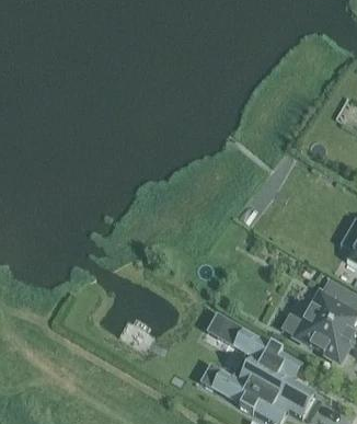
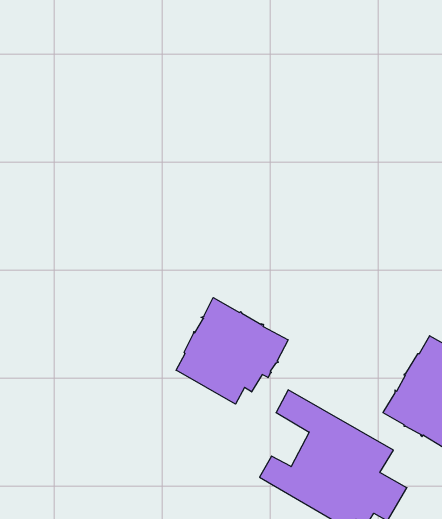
building: none -> [176,298,288,404]

